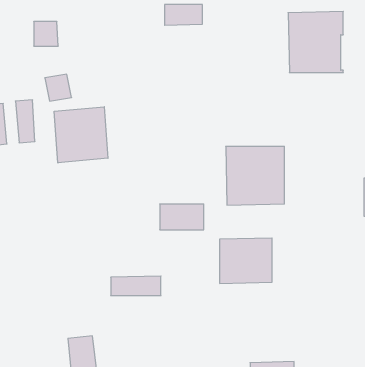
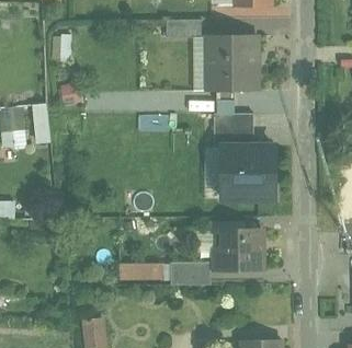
building: [288,11,343,73] -> [206,36,256,91]
building: [54,107,108,163] -> none
building: none -> [212,114,252,148]
building: [160,204,204,230] -> [171,263,211,286]

